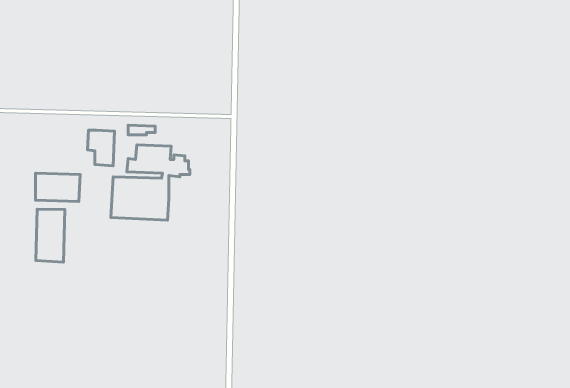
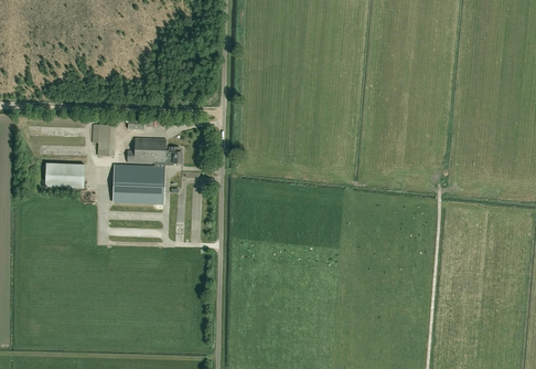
building: [36,209,65,262] -> none

